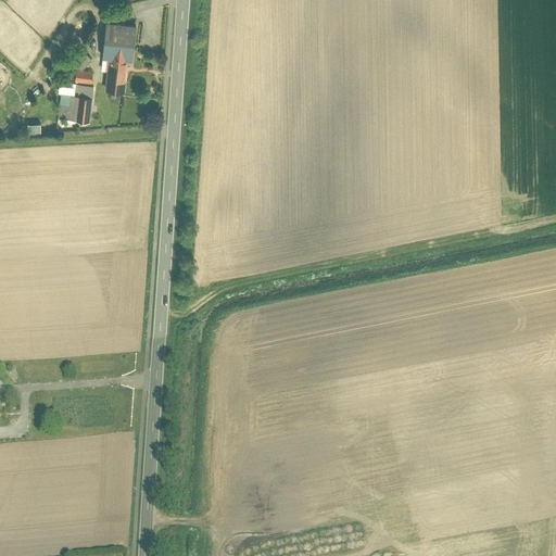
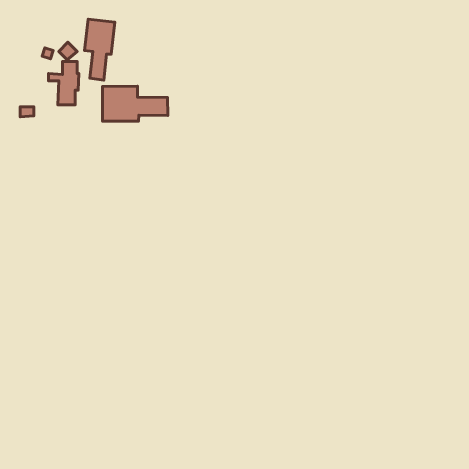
building: none -> [102,86,168,121]

